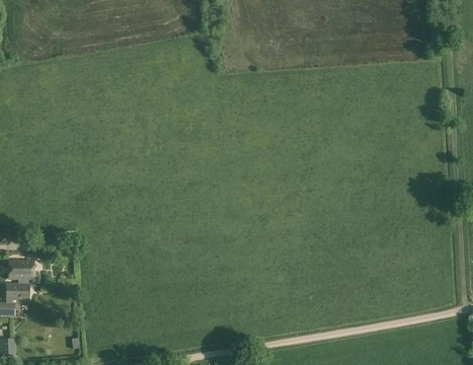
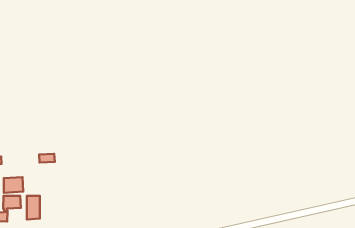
building: none -> [27,196,40,220]

